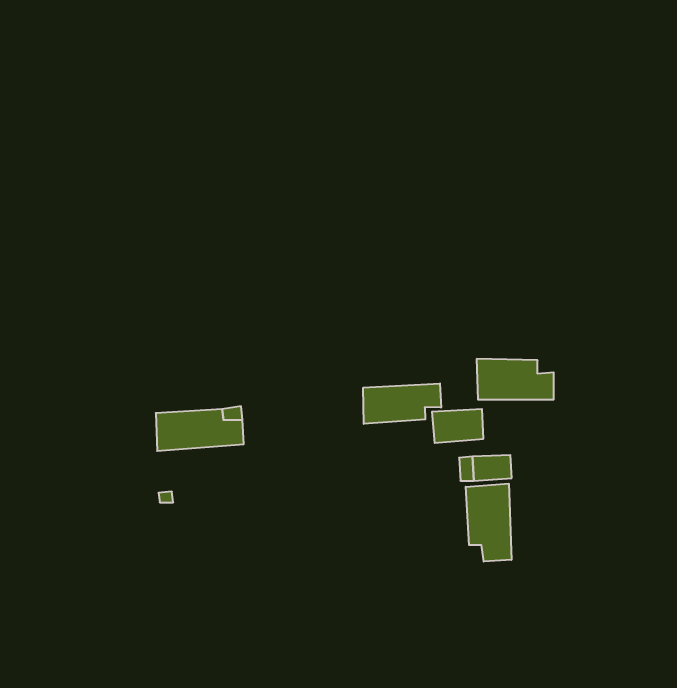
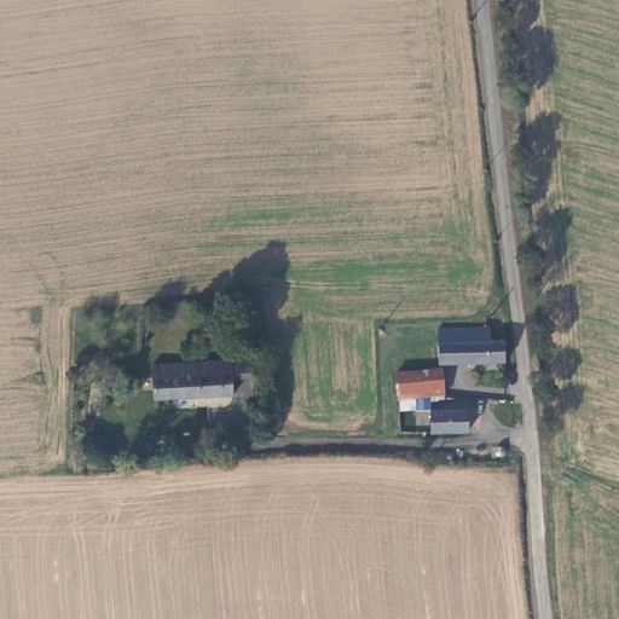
building: [363,383,441,424] -> none
building: [466,484,511,562] -> none

